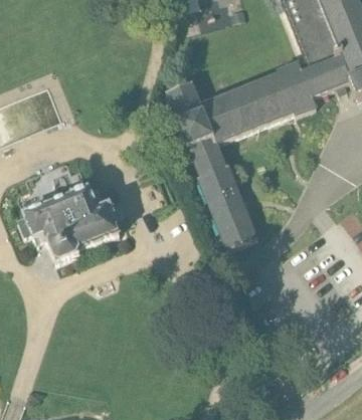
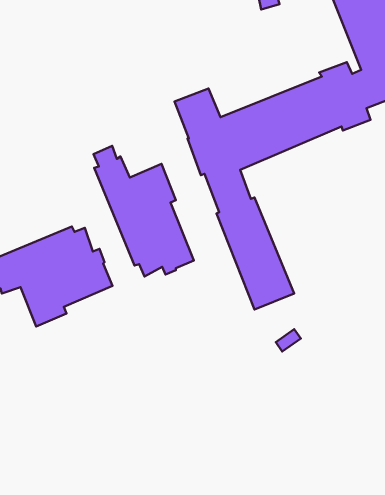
building: none -> [93,146,194,276]

